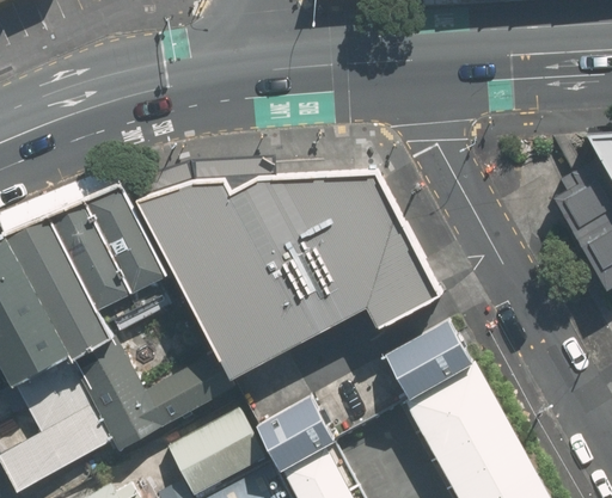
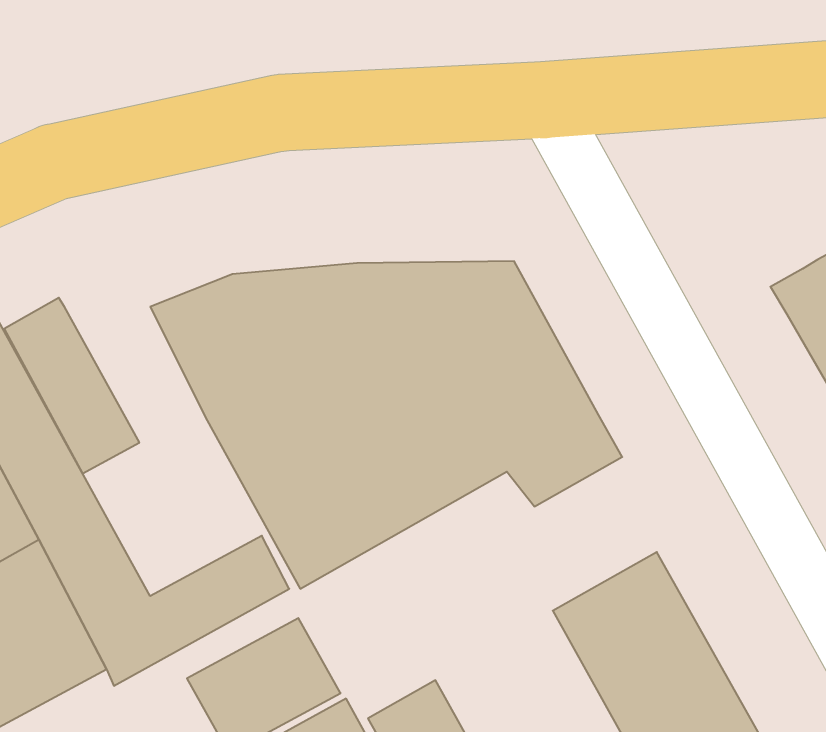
building: [85,203,178,293] -> none
building: [384,316,473,395] -> none
building: [256,394,332,468] -> none

